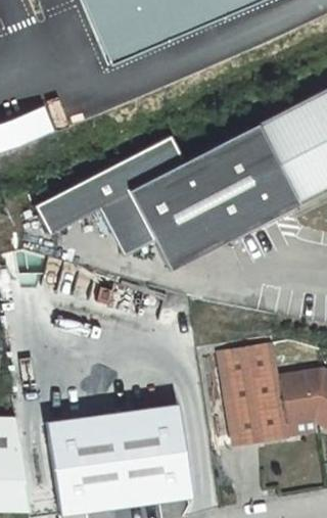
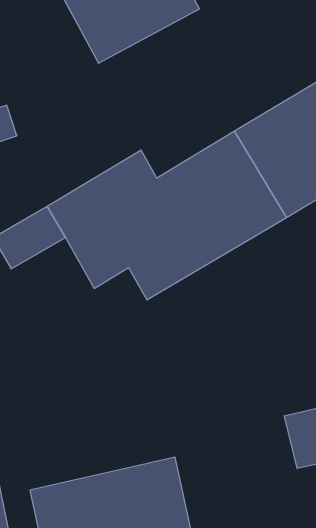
building: [205,356,276,456] -> none

